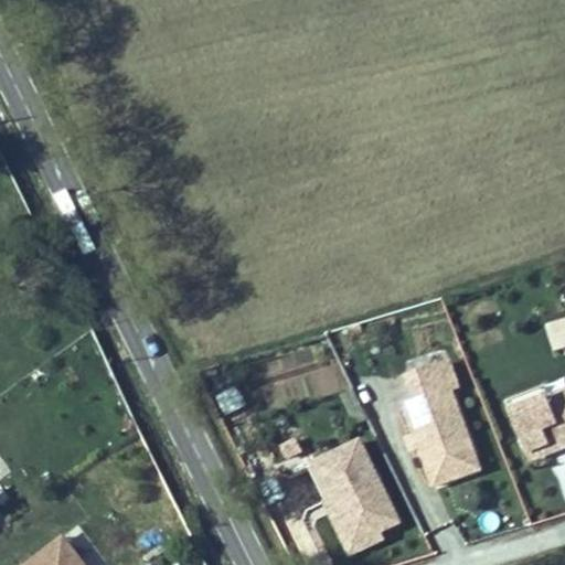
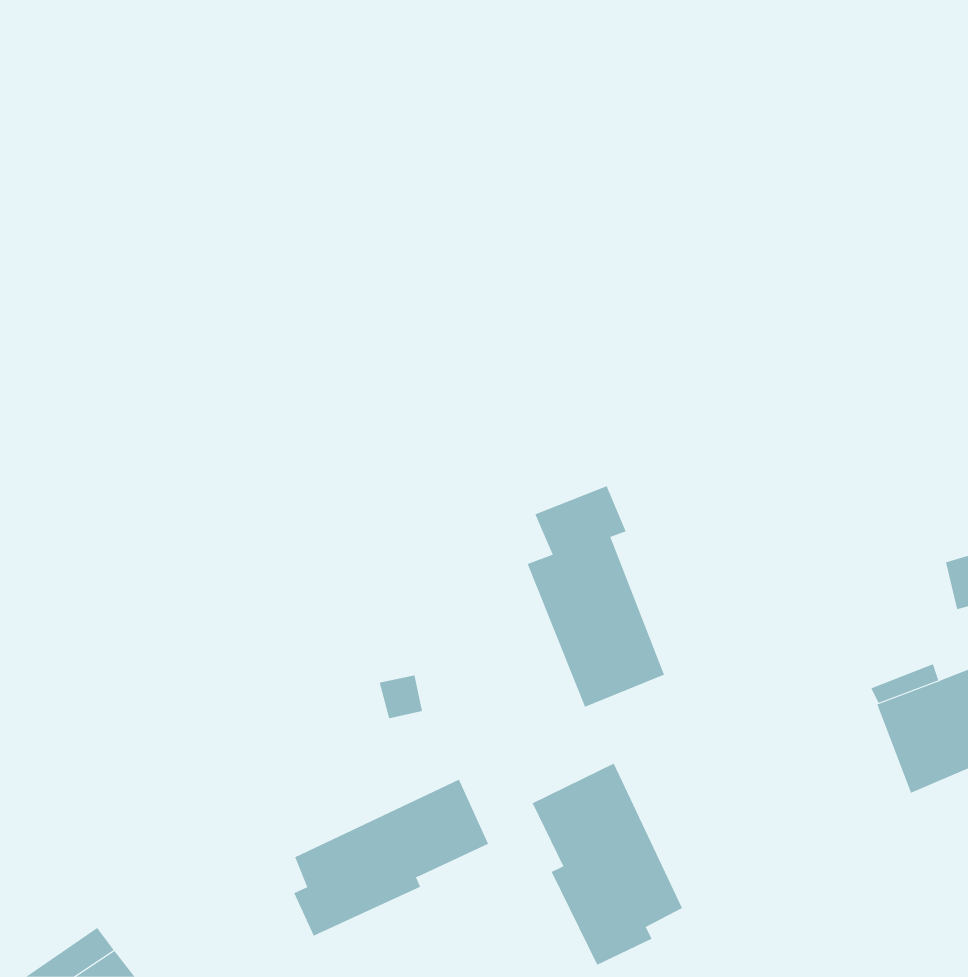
building: [401,359,480,487] -> [527,486,665,707]
building: none -> [293,779,489,937]

